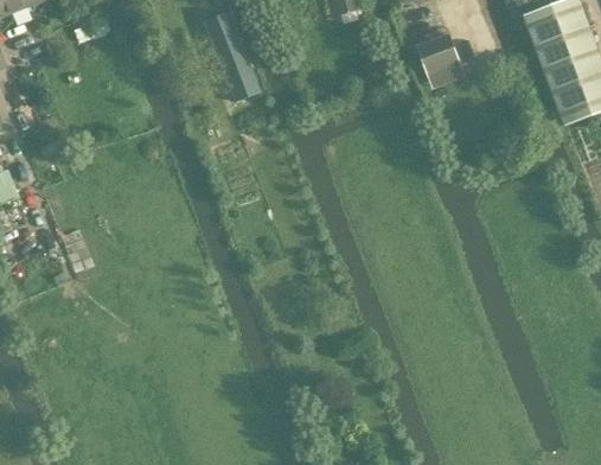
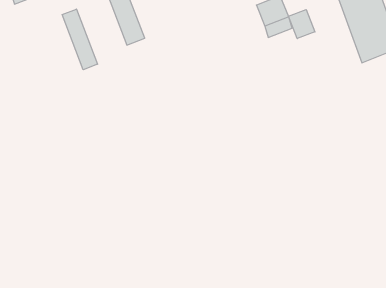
building: none -> [62,9,98,70]
building: none -> [288,10,315,39]

